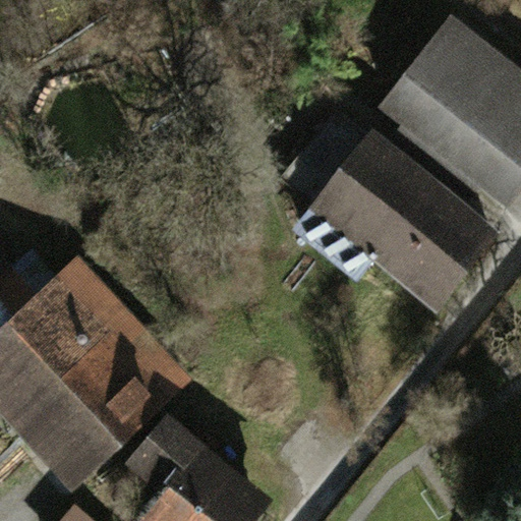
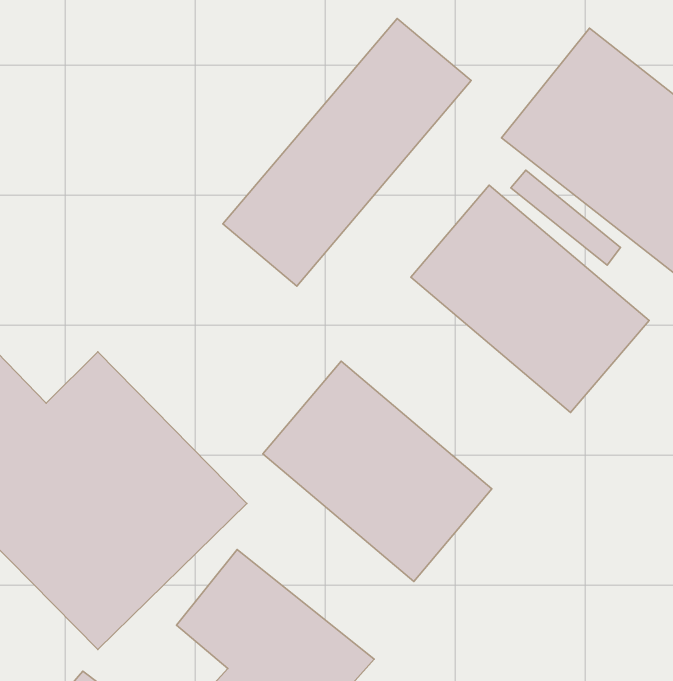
building: none -> [223,19,471,286]
building: none -> [263,361,492,581]

